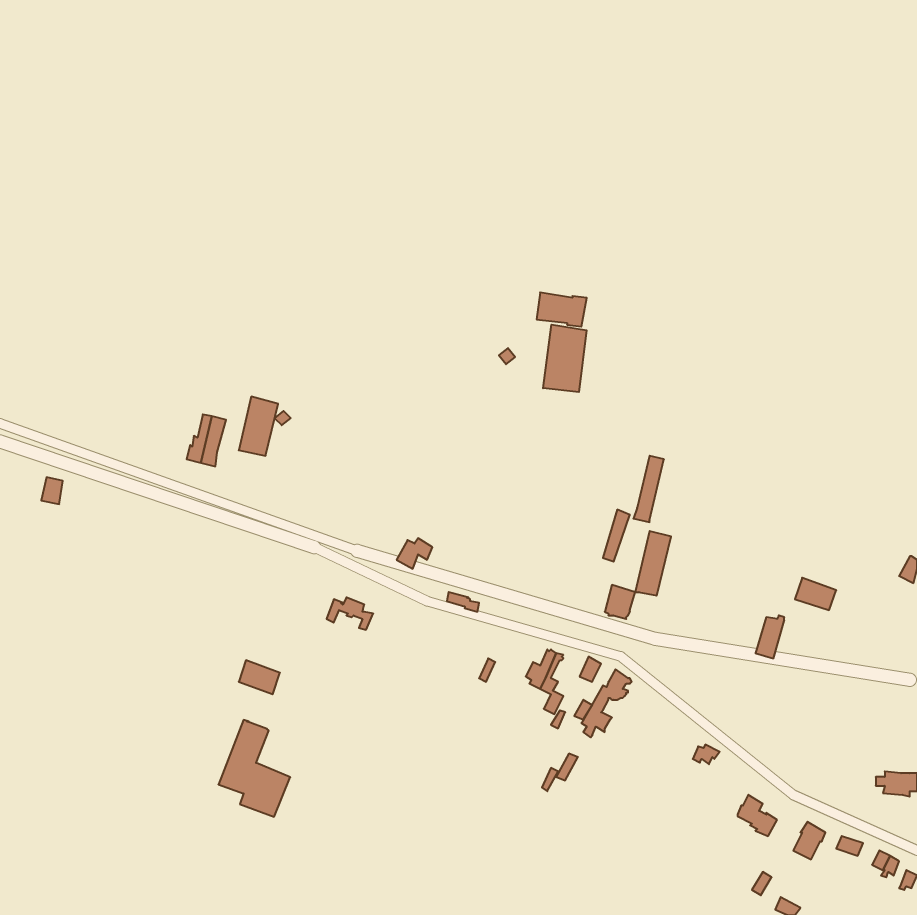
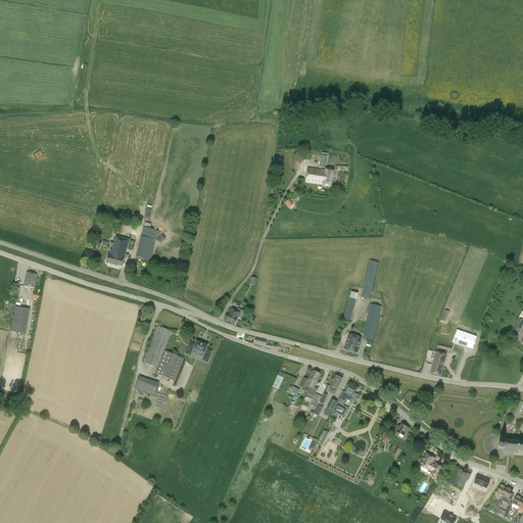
building: [543,325,587,392] -> none
building: none -> [10,305,30,333]
building: [218,720,290,817] -> [143,325,184,380]

